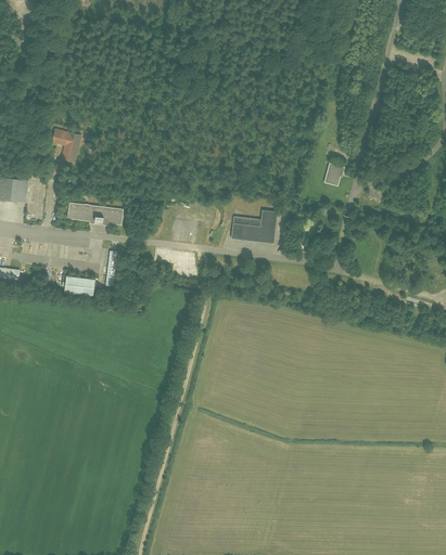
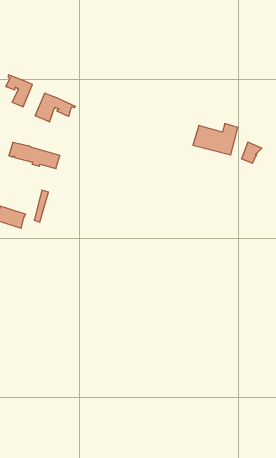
building: none -> [35,93,75,122]
building: [230,209,277,243] -> [193,124,238,155]

